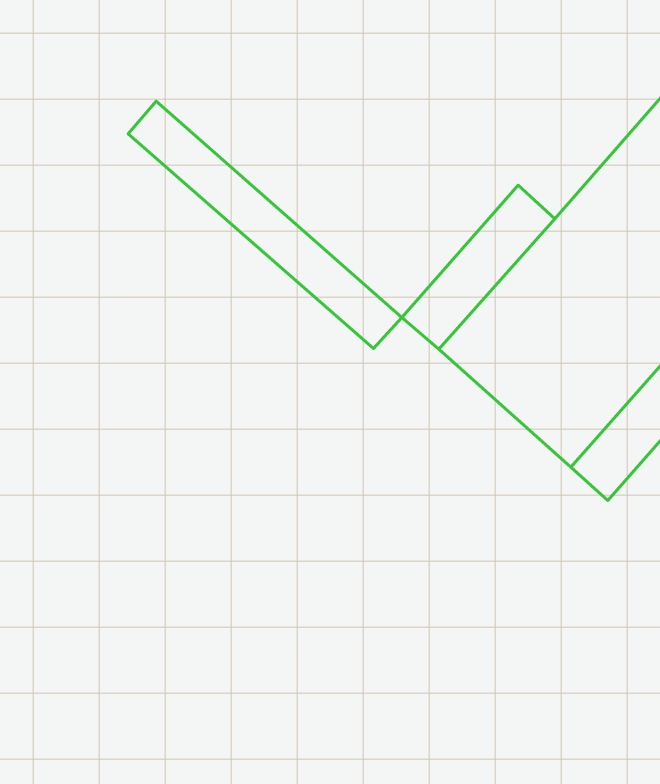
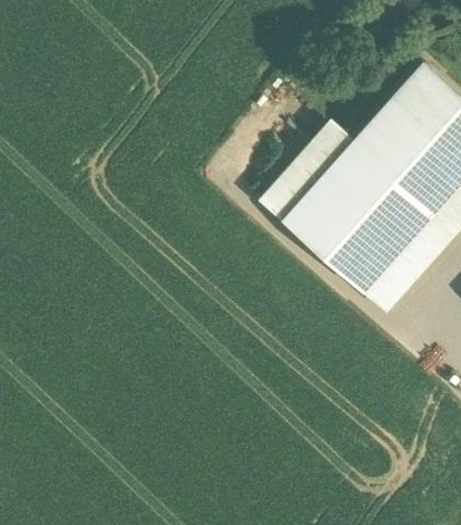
building: [128,101,402,349] -> none

